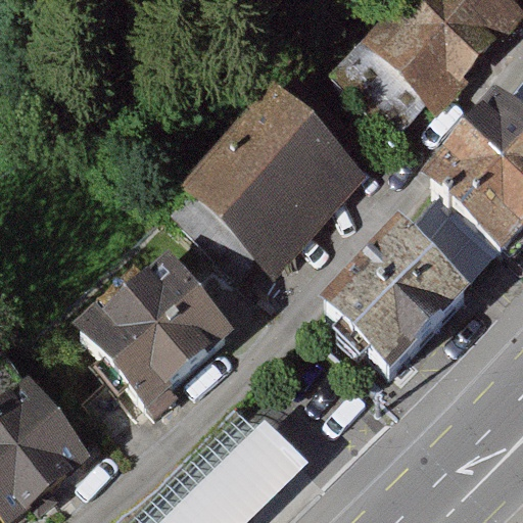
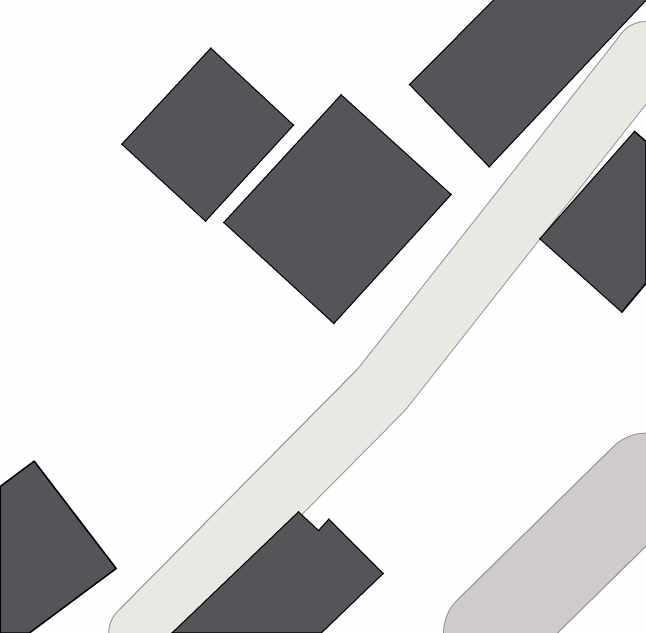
building: none -> [122,48,293,221]
building: [332,233,473,373] -> none
building: [74,253,233,411] -> none

